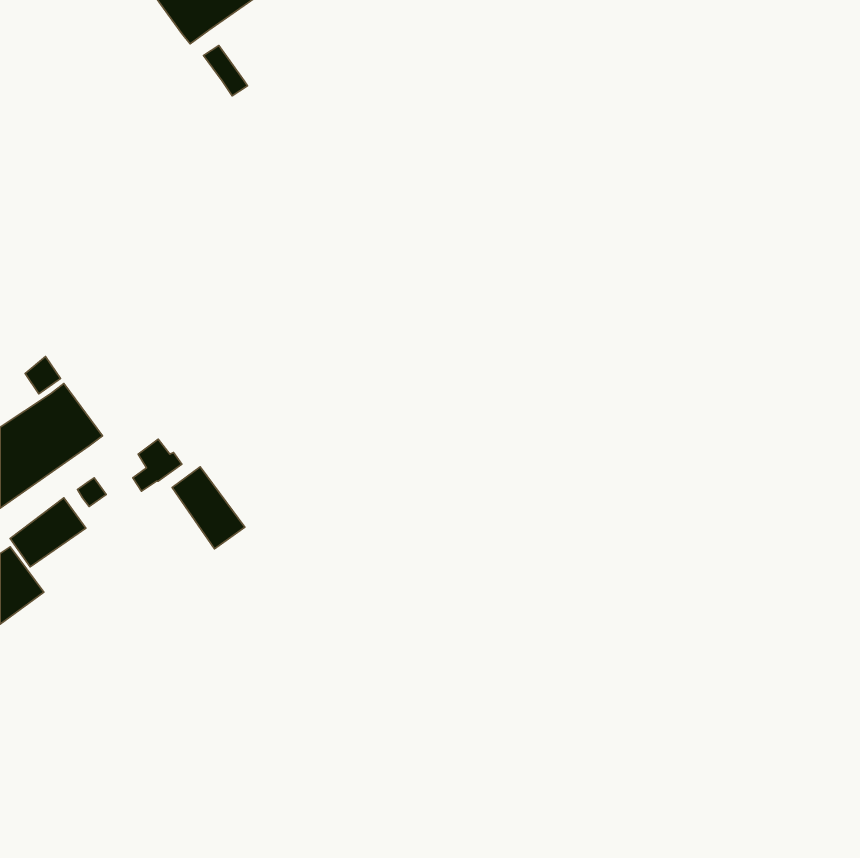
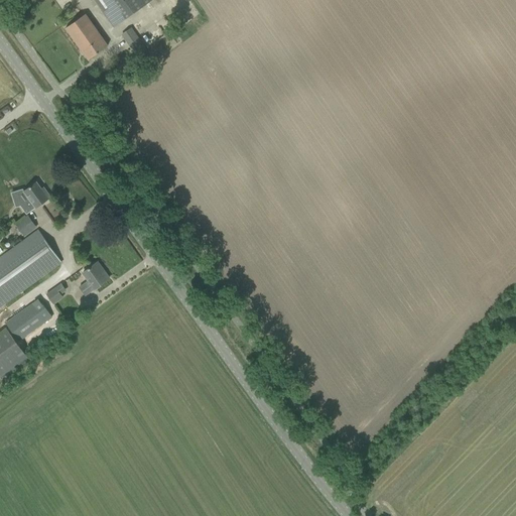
building: none -> [66,13,108,58]
building: none -> [14,181,50,213]
building: [172,467,245,549] -> none

